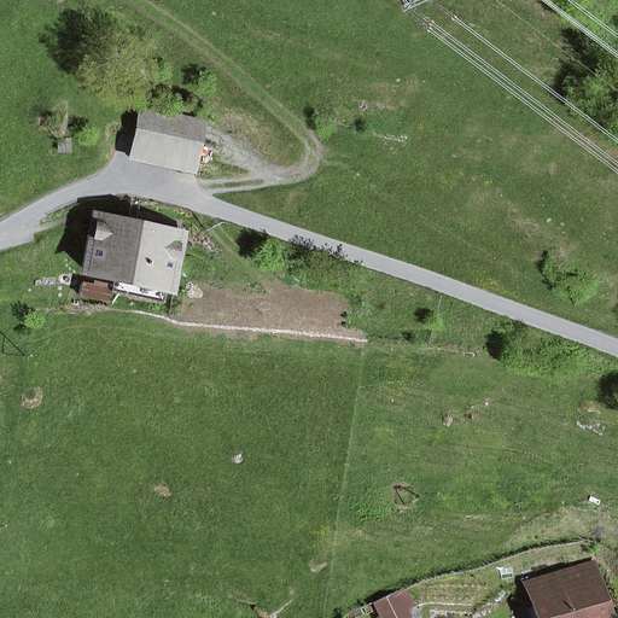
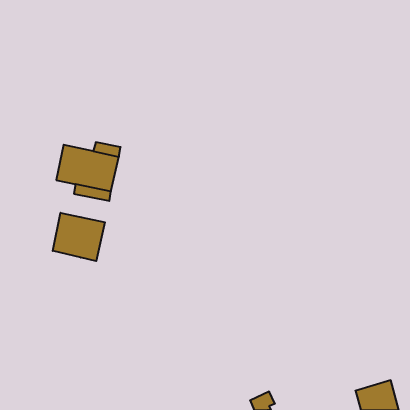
building: [132,121,202,170] -> none
building: none -> [53,213,105,261]

